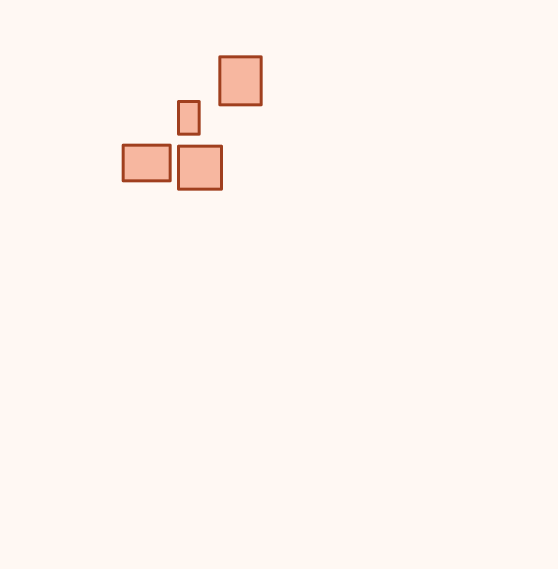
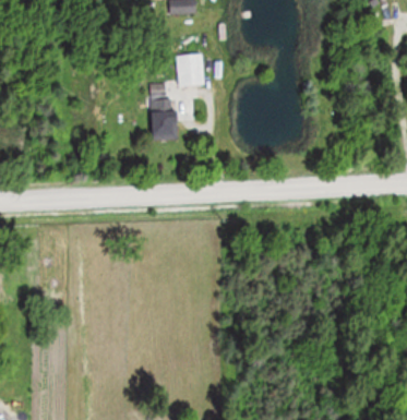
building: [123,145,170,181] -> none

